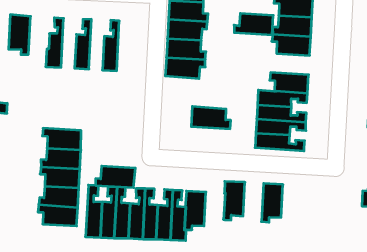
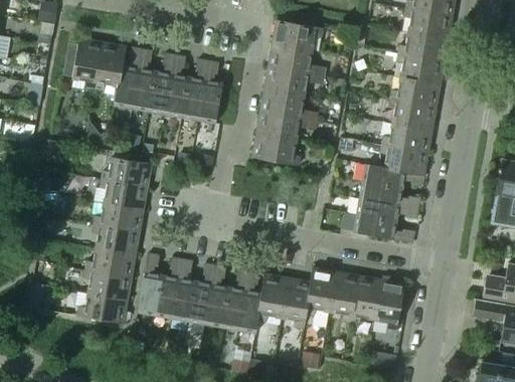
building: [234,13,273,35] -> [382,122,432,152]
building: none -> [95,42,126,89]
building: none -> [132,49,155,111]
building: none -> [165,54,188,117]
building: none -> [198,60,222,123]
building: [191,106,231,129] -> [251,133,300,165]
building: [96,166,135,188] -> [102,156,152,186]
building: none -> [329,271,358,321]
building: none -> [374,279,404,330]
building: none -> [281,277,311,328]
building: none -> [77,293,128,323]

